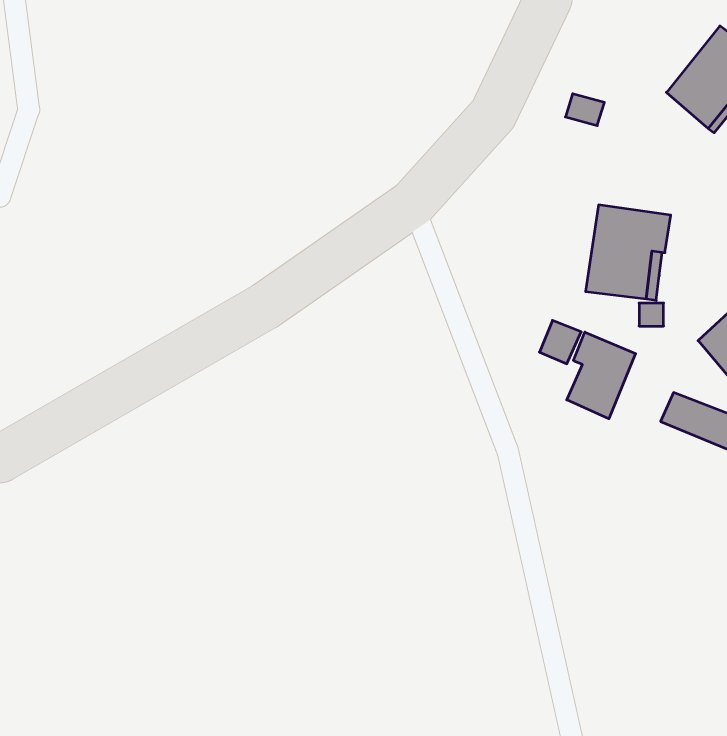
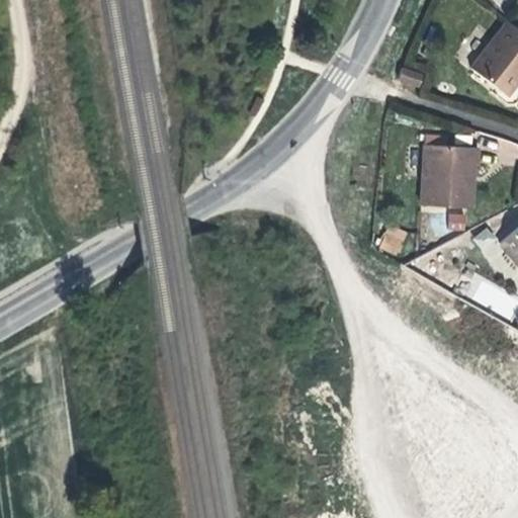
building: [567,332,636,419] -> none

